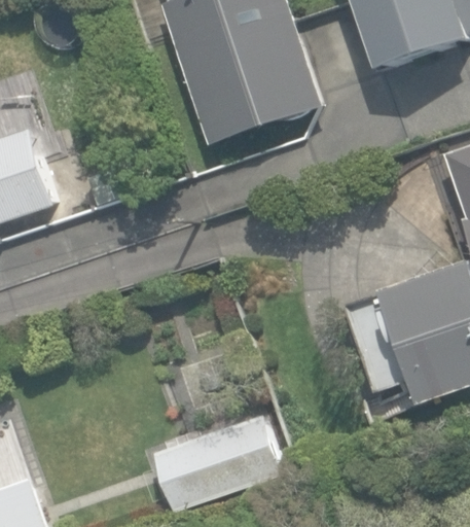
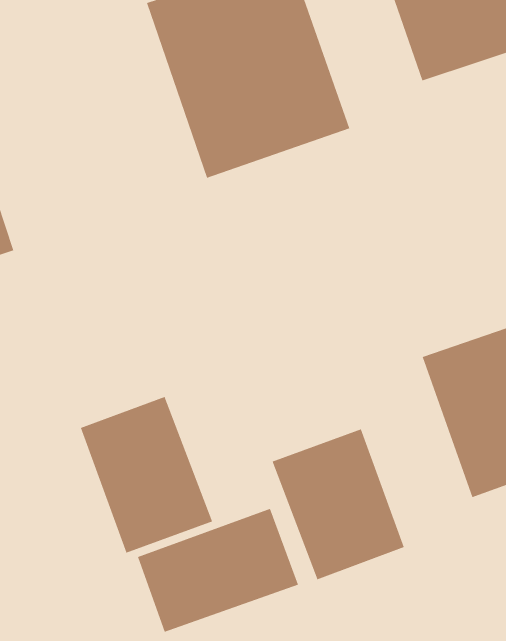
building: none -> [80,396,213,553]
building: none -> [272,428,405,580]

